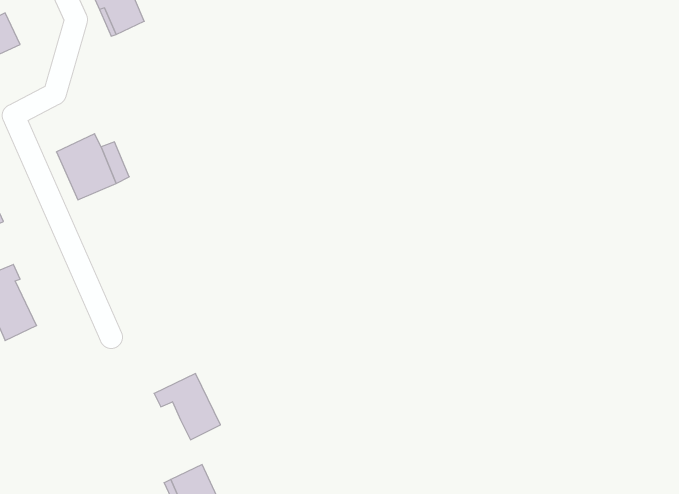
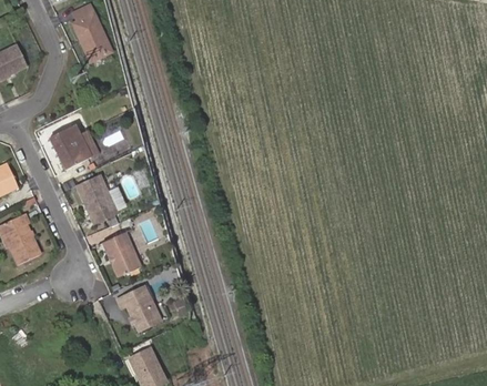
building: none -> [77,174,116,223]
building: none -> [103,232,141,277]

